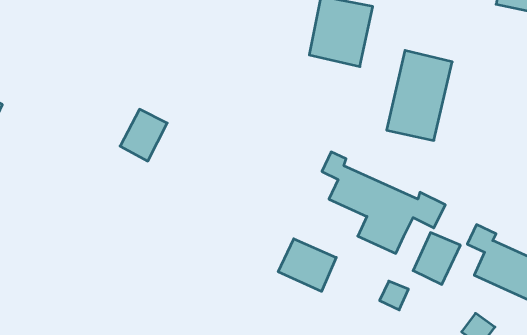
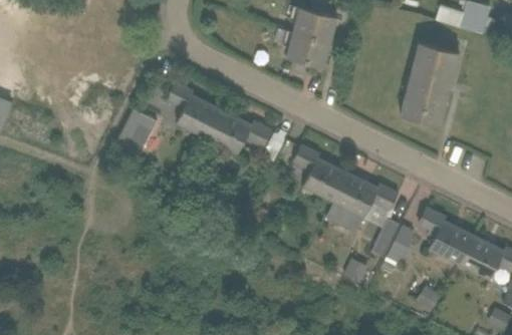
building: [387,50,452,140] -> [402,42,459,120]
building: none -> [163,82,276,161]
building: [278,239,336,291] -> none

